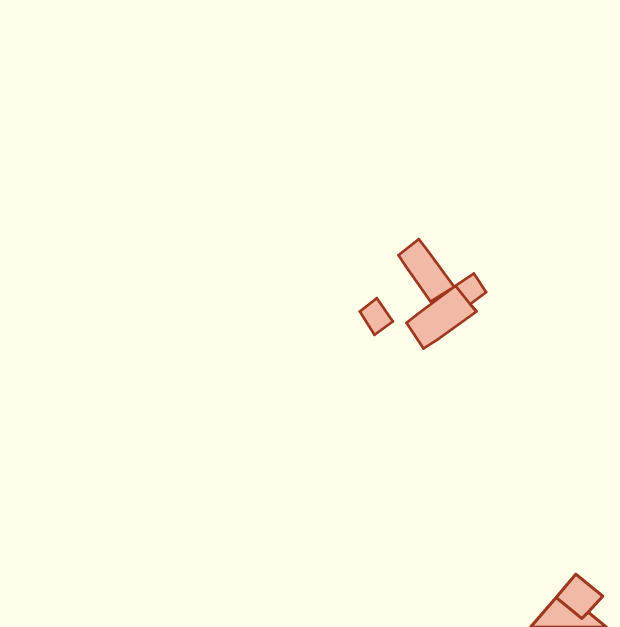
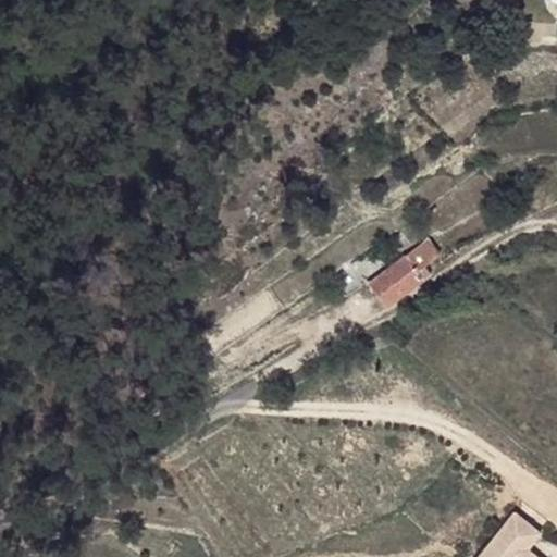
building: [398,239,454,302] -> none

